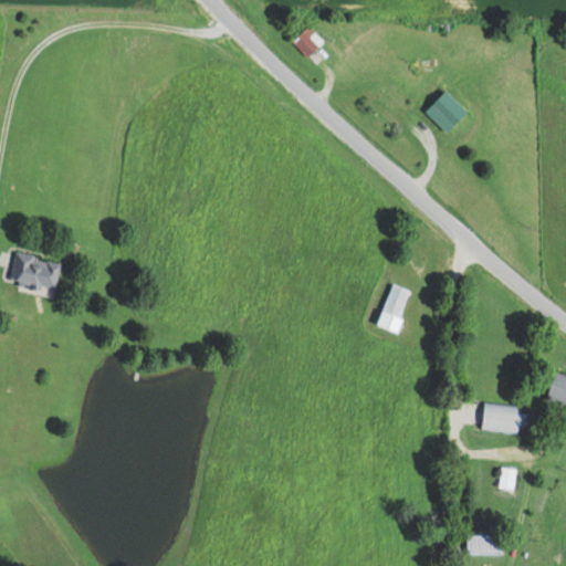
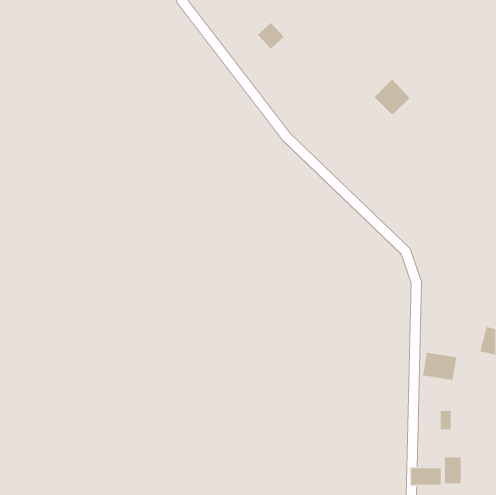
building: [9,254,60,292] -> none
building: [377,284,410,333] -> none
building: none -> [444,456,461,484]

